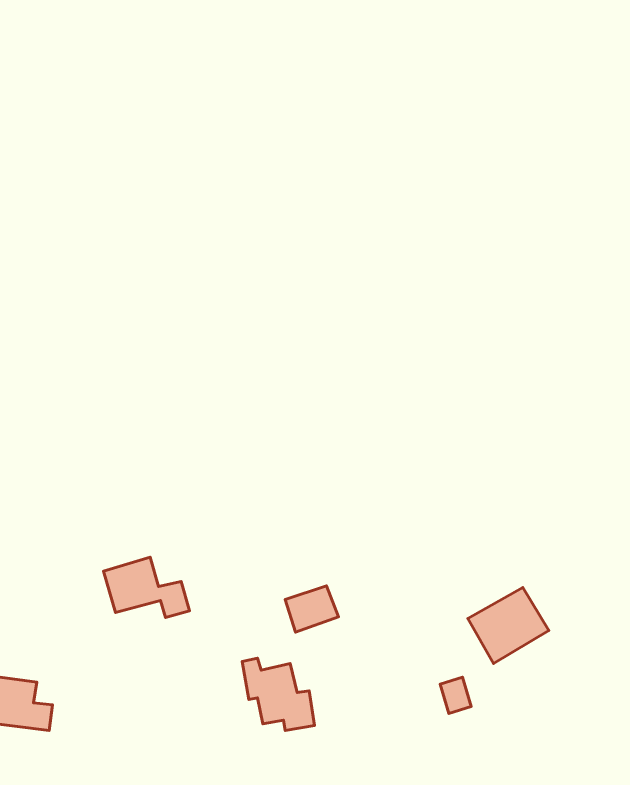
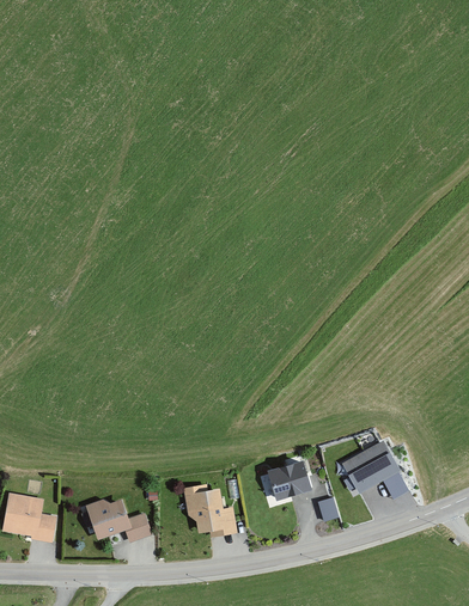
building: [103,557,190,618] -> [89,496,148,538]
building: [285,586,339,632] -> [273,464,310,496]

